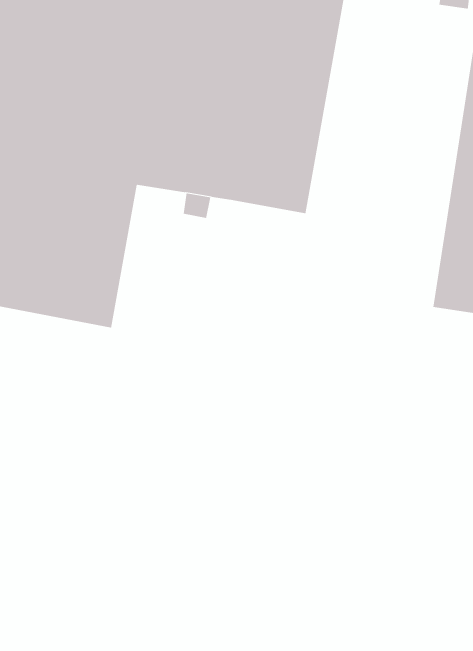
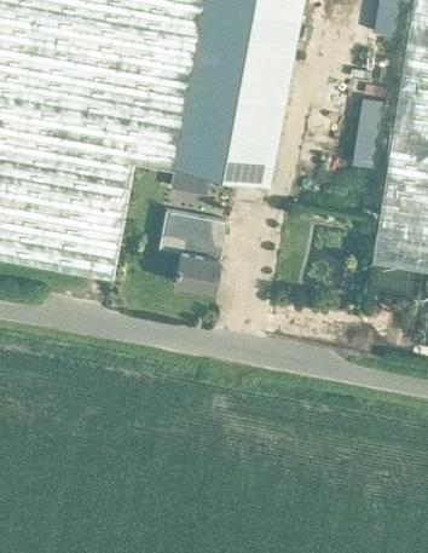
building: none -> [353,96,387,167]
building: none -> [160,208,227,289]

